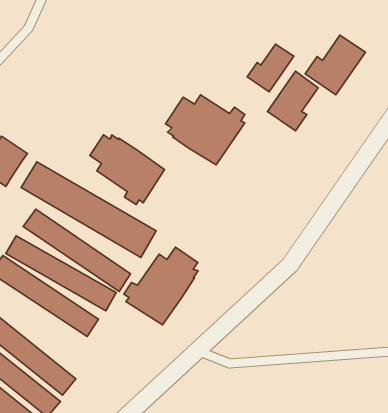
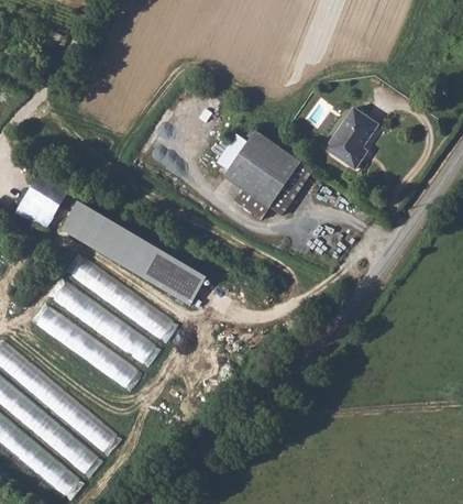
building: [305,35,365,95] -> none
building: [247,44,294,92] -> none
building: [90,135,164,205] -> none
building: [124,247,198,325] -> none

